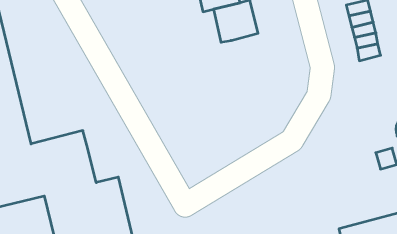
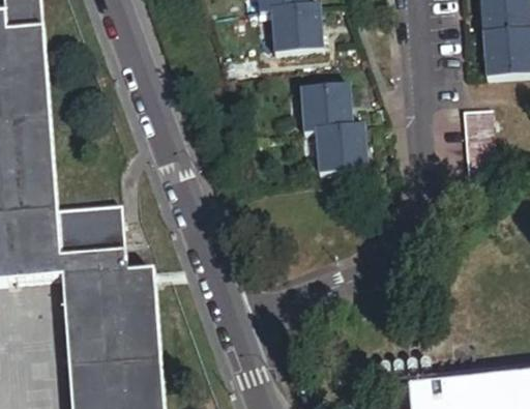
building: none -> [318,127,365,173]

